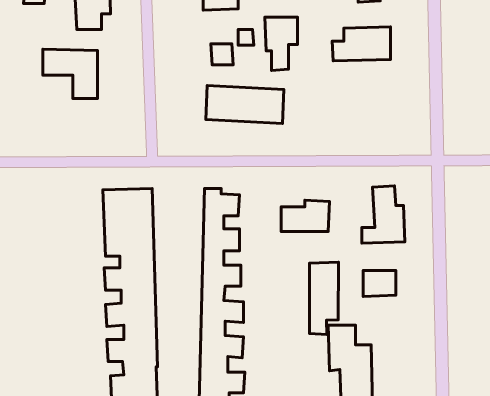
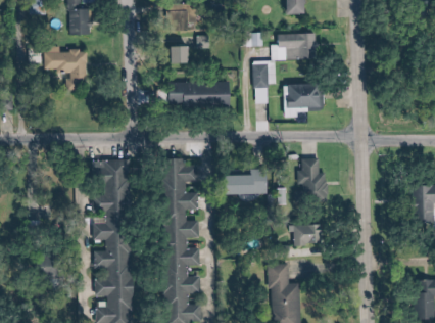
building: [265,17,297,70] -> [248,61,274,103]
building: none -> [284,83,323,117]
building: [310,262,338,334] -> none

